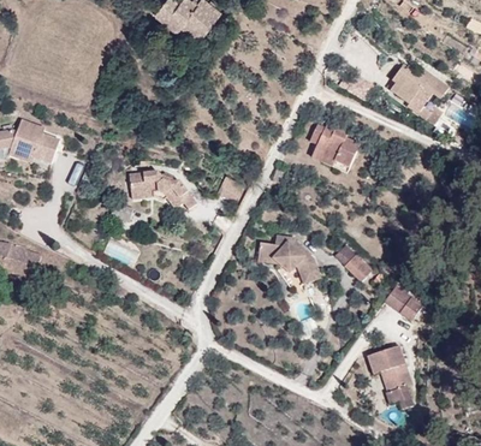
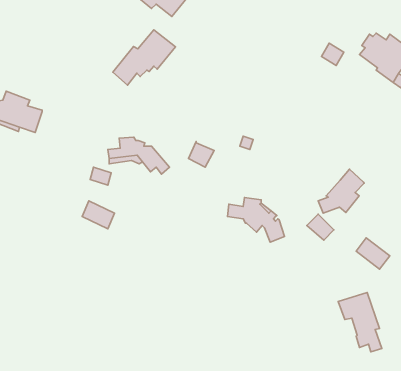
building: none -> [113,30,175,85]
building: [308,124,357,168] -> none
building: none -> [318,169,364,213]

